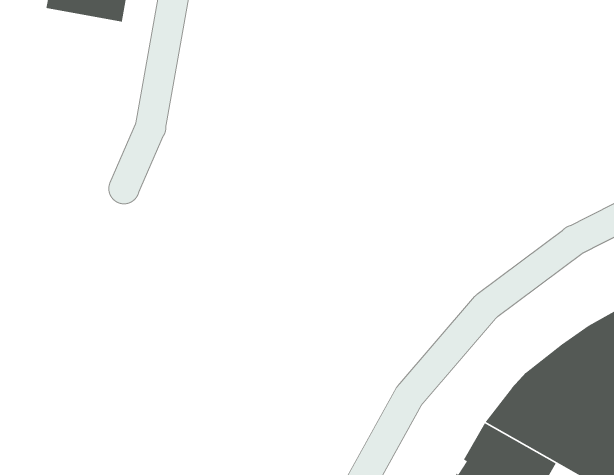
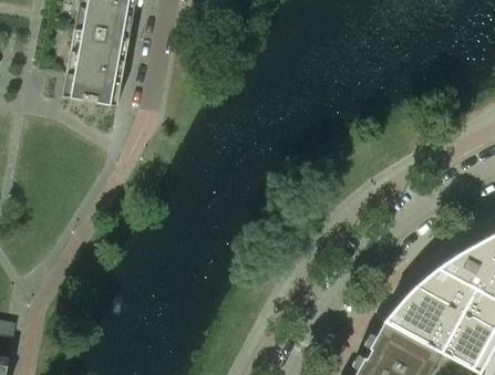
building: none -> [66,29,133,106]

